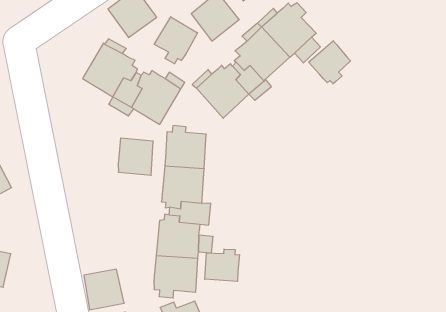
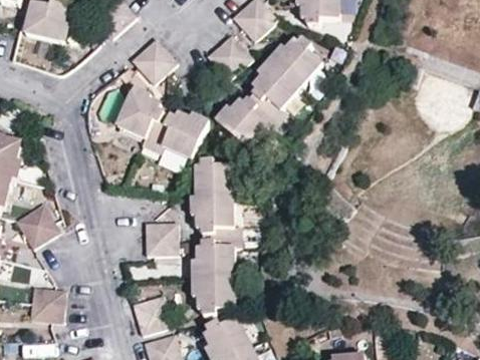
building: [154,17,198,64] -> none
building: [309,41,351,84] -> none
building: [118,138,153,175] -> [146,223,177,254]
building: [205,249,239,281] -> none

